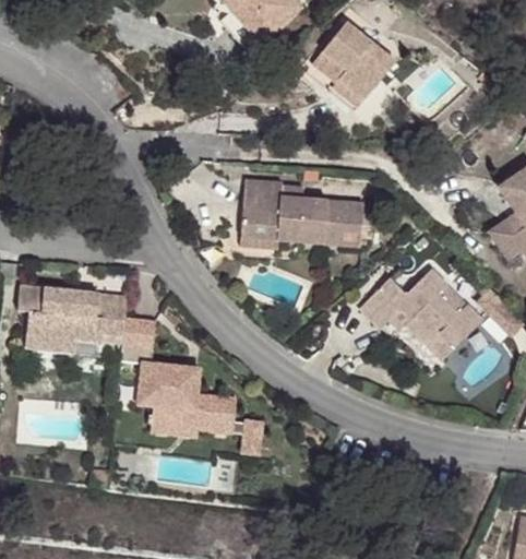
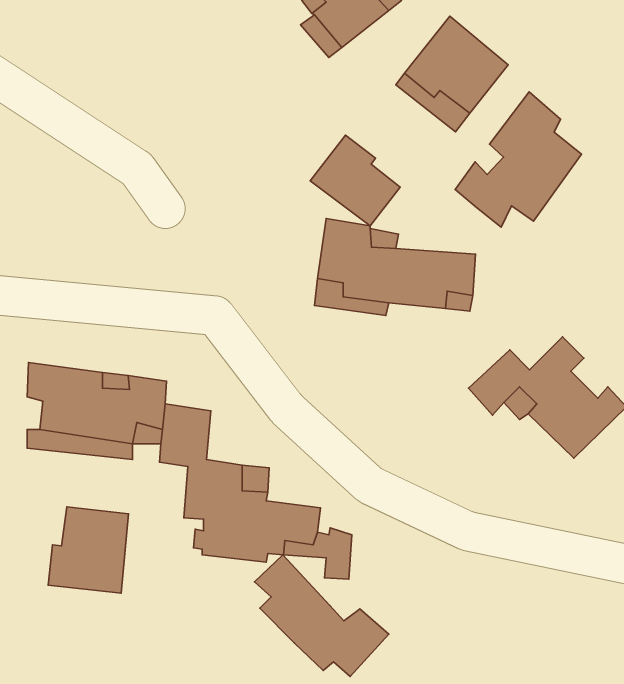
building: none -> [455,92,582,227]
building: none -> [310,135,400,226]
building: none -> [48,507,129,593]
building: none -> [254,555,389,677]

